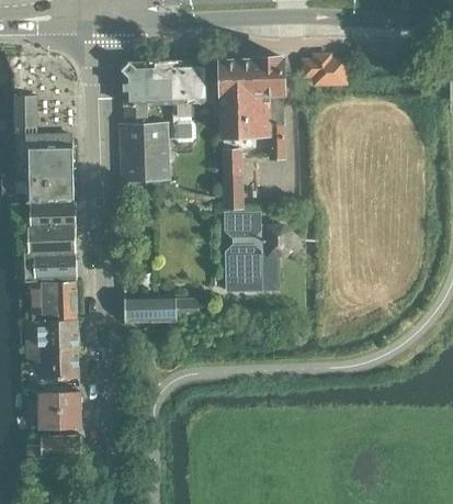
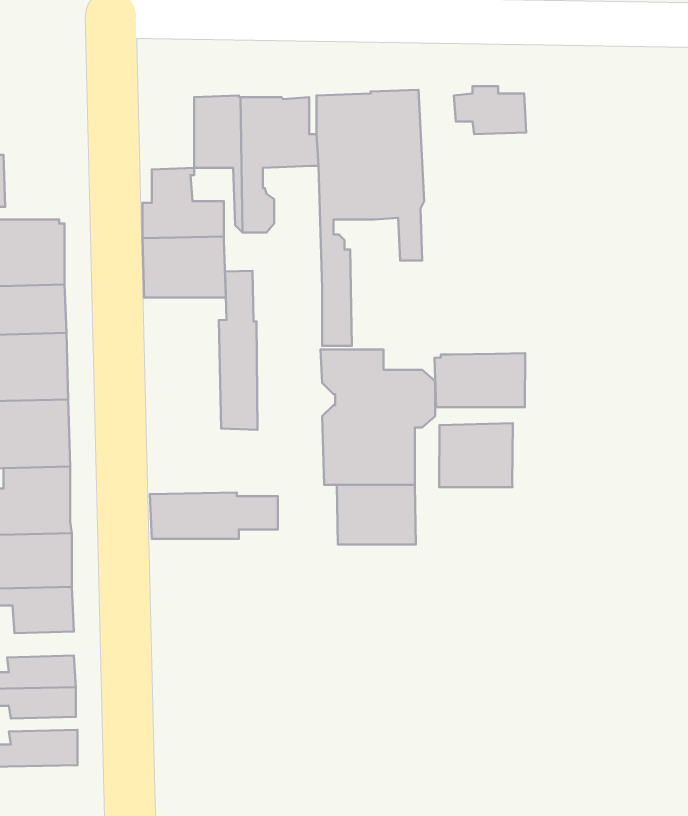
building: [124,63,150,104] -> none
building: none -> [219,271,257,430]
building: none -> [435,353,525,407]
building: none -> [439,423,513,487]
building: none -> [337,485,416,545]

